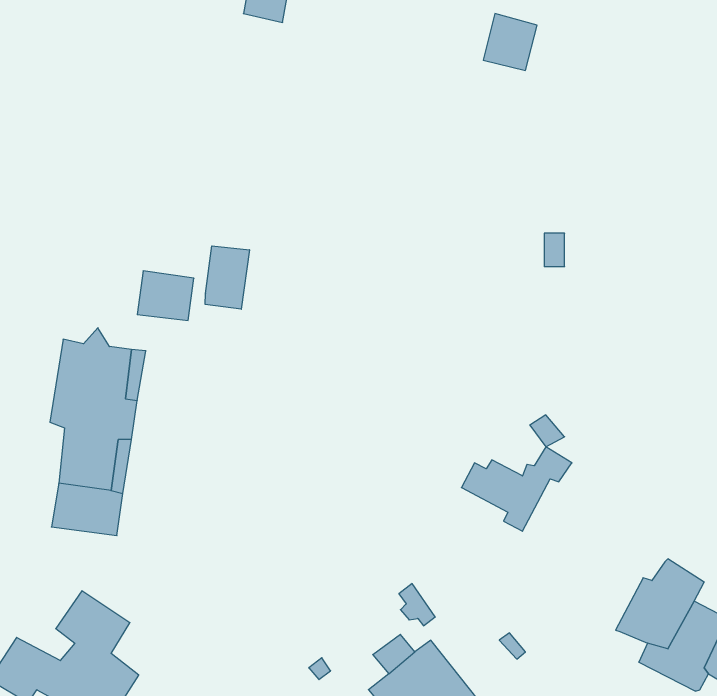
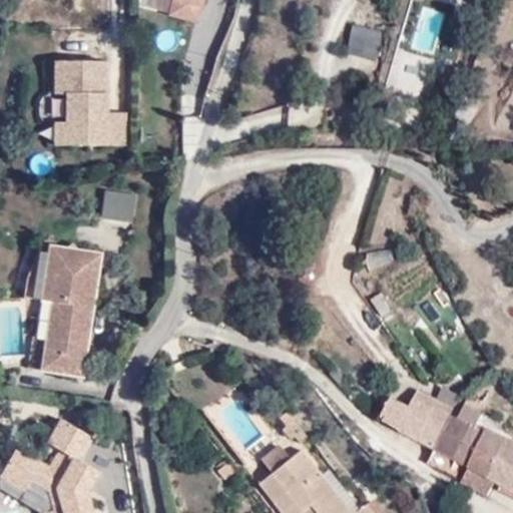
building: none -> [51,64,122,146]
building: [205,246,249,309] -> none
building: [461,447,572,531] -> [387,387,463,445]

